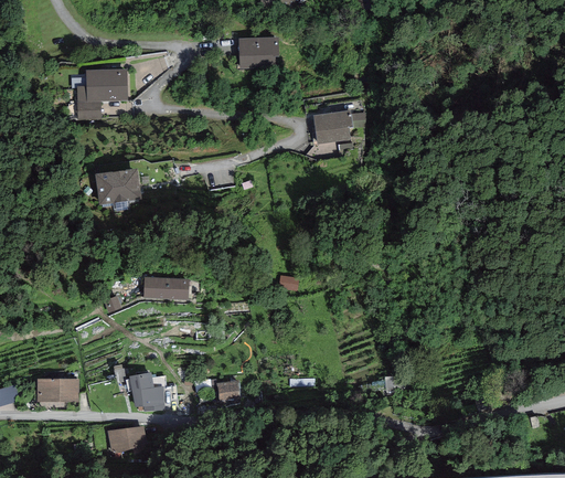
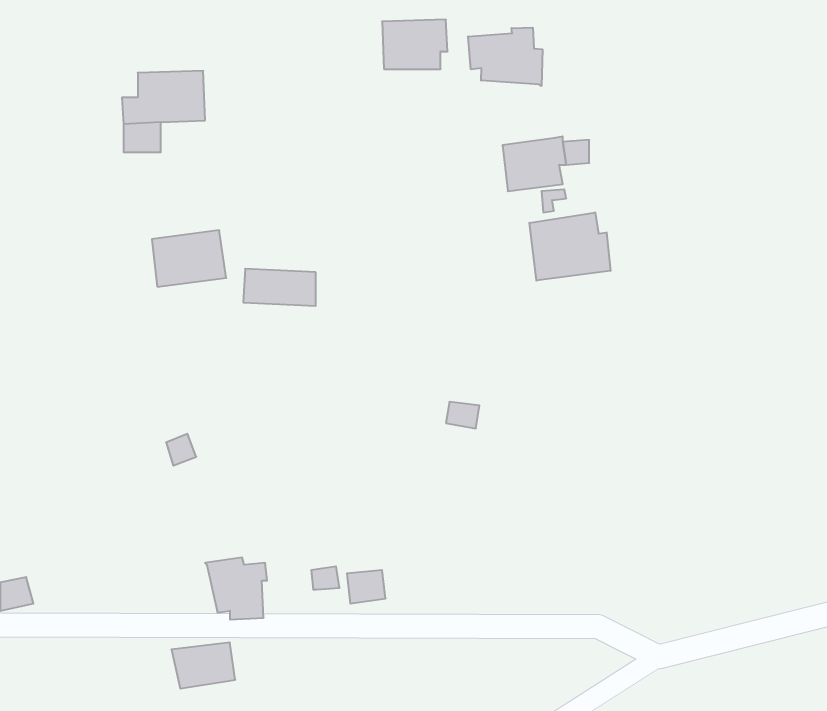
building: none -> [468,28,542,86]
building: none -> [529,212,610,281]
building: [143,276,189,299] -> [243,269,316,306]
building: [36,379,78,402] -> none

